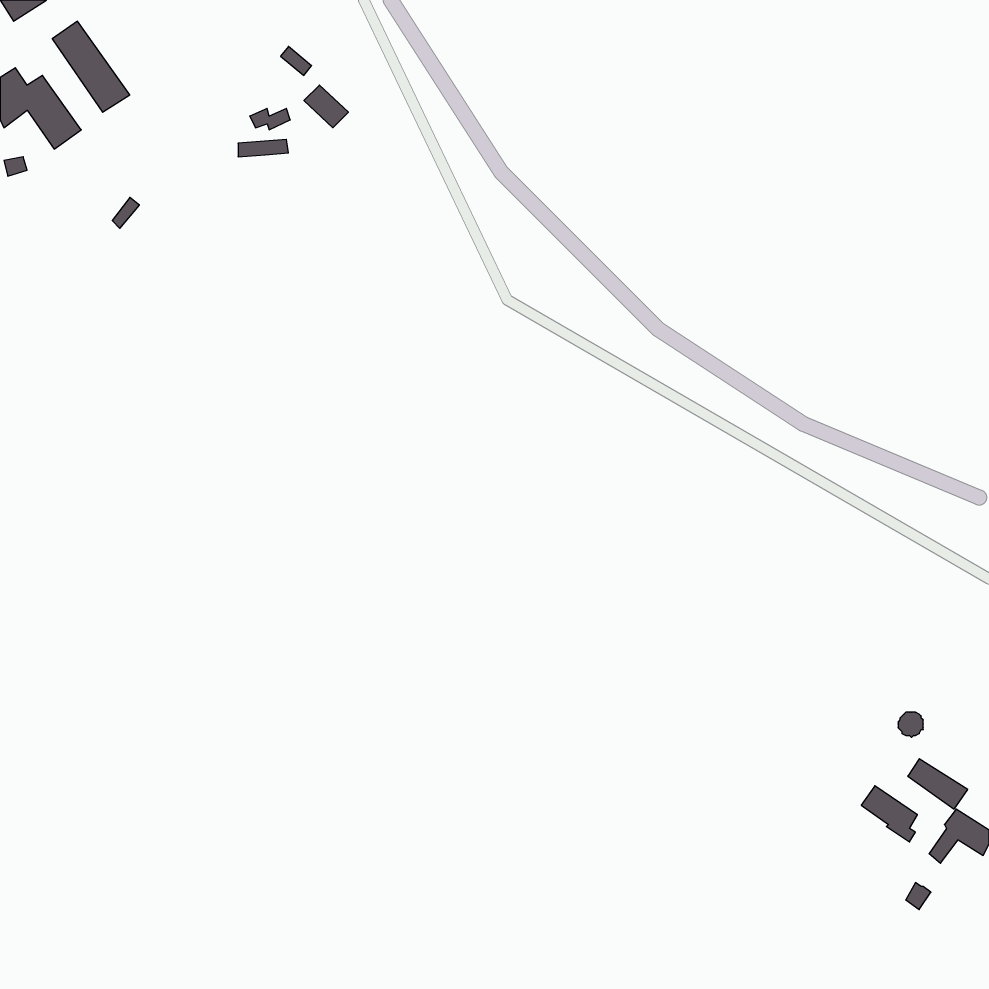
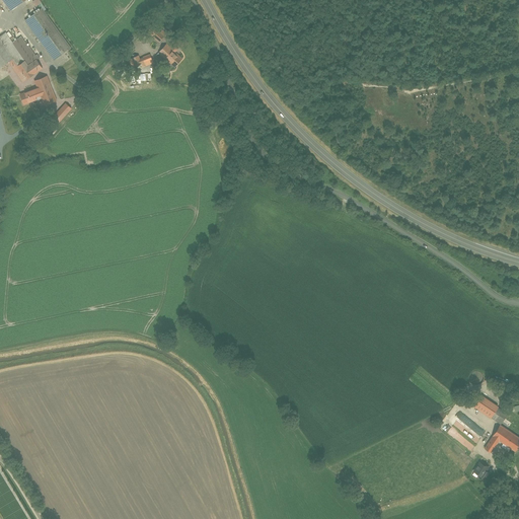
building: none -> [20,78,56,105]

